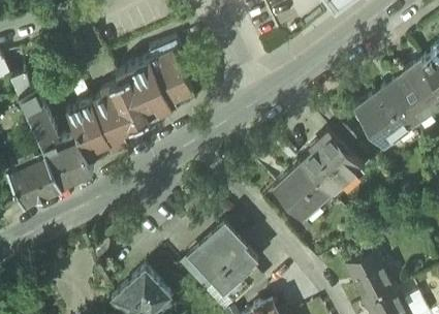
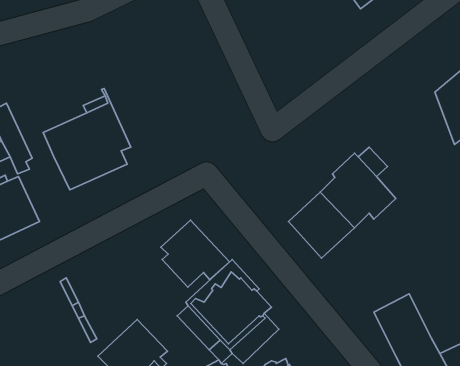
building: [118,40,196,125] -> none
building: [357,79,414,146] -> none
building: [44,133,94,188] -> none
building: none -> [161,220,230,287]

